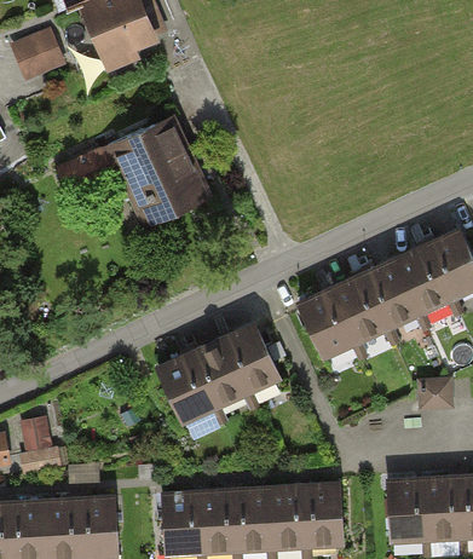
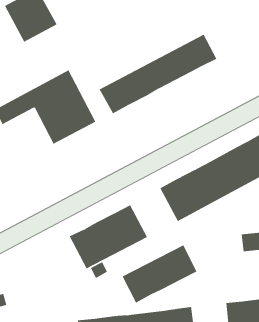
building: none -> [99,34,217,114]
building: none -> [122,244,197,304]

